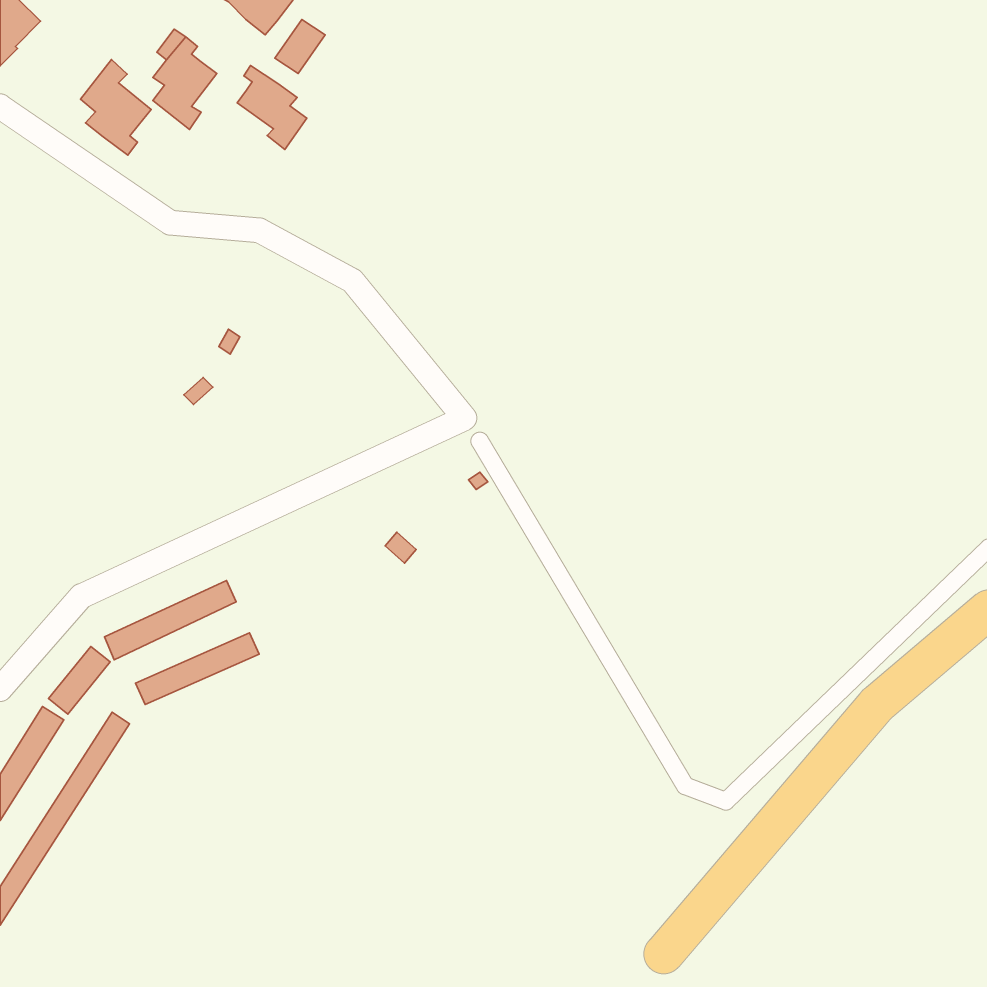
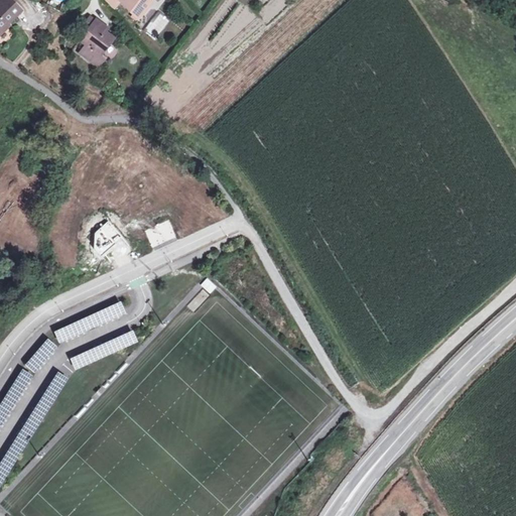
building: [80,60,151,155] -> none
building: [237,65,307,150] -> none

